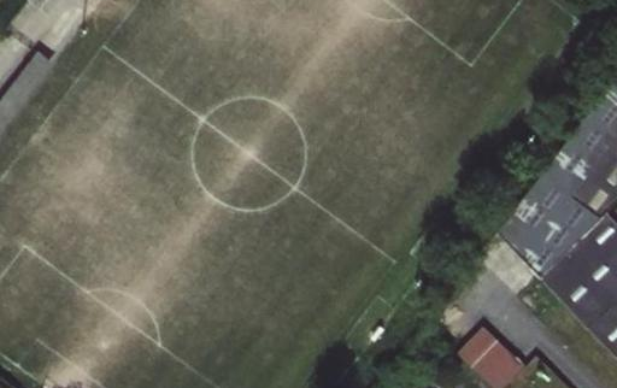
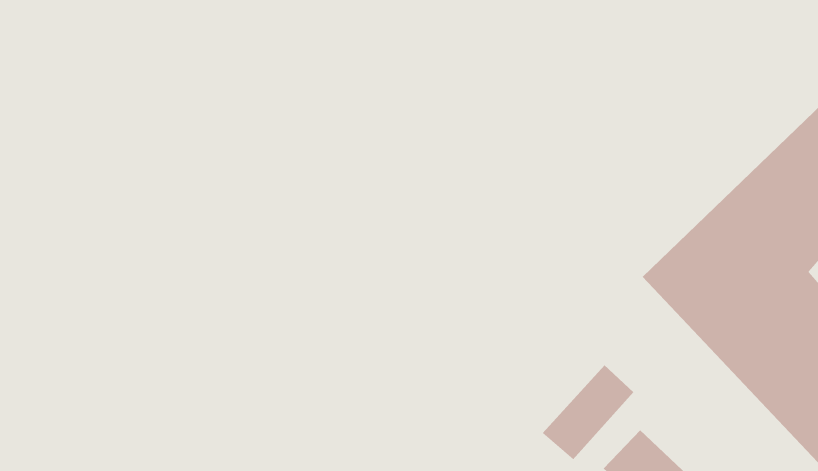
building: none -> [542,365,634,460]

